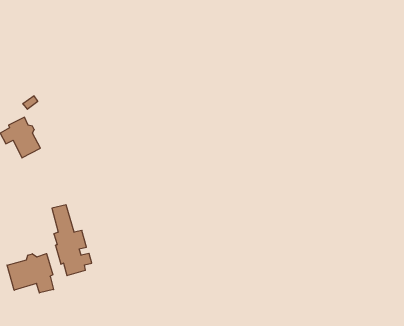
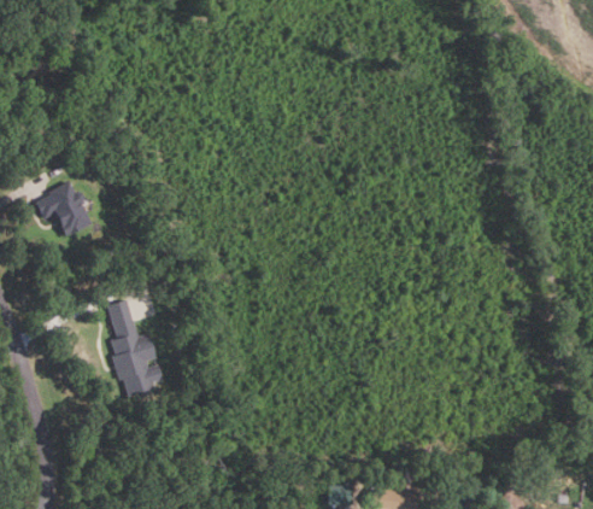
building: [7,254,54,293] -> none

